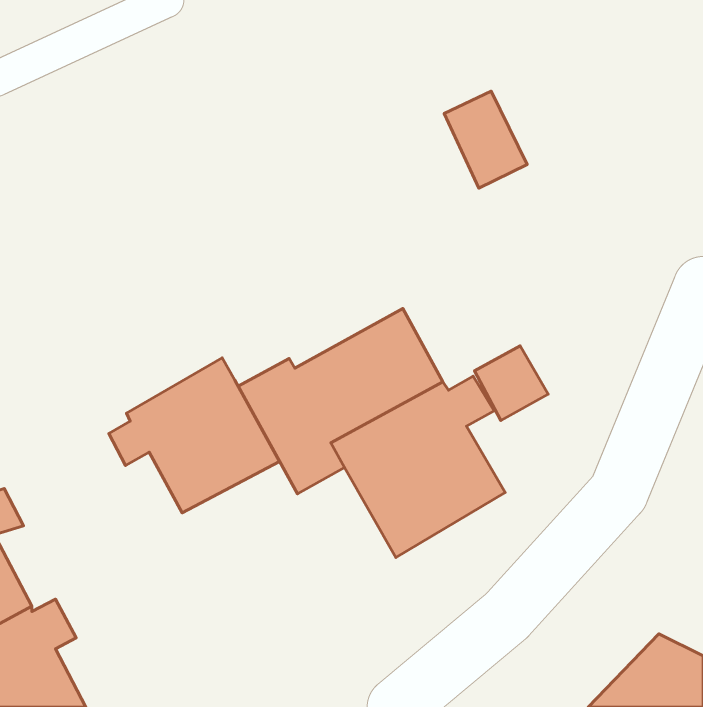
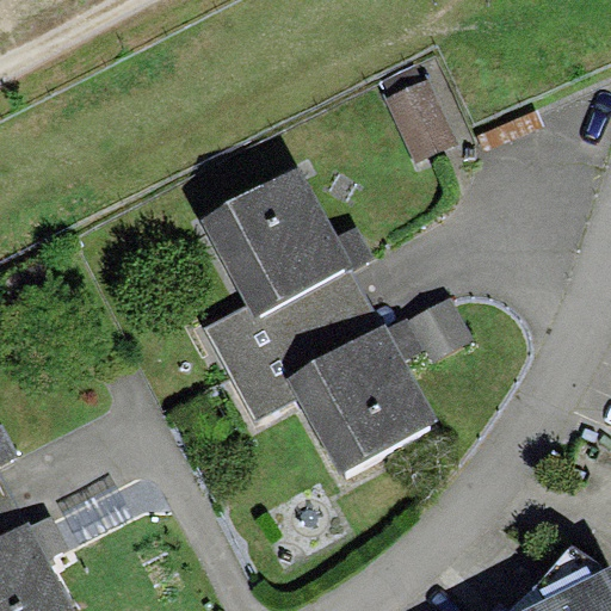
building: none -> [200,167,370,317]
building: [109,358,280,513] -> none

